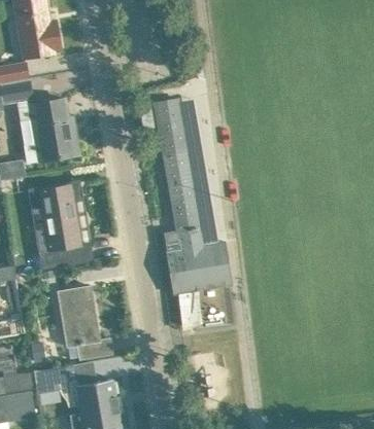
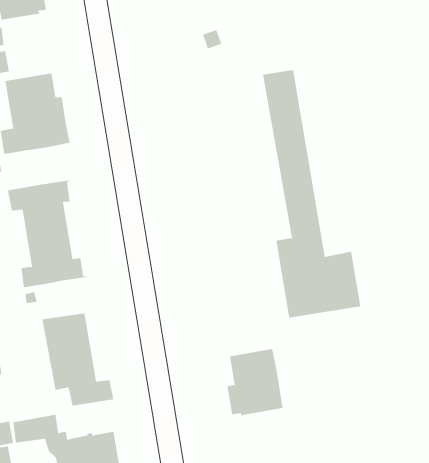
building: [155,99,232,293] -> [262,69,361,318]
building: none -> [227,348,283,416]

